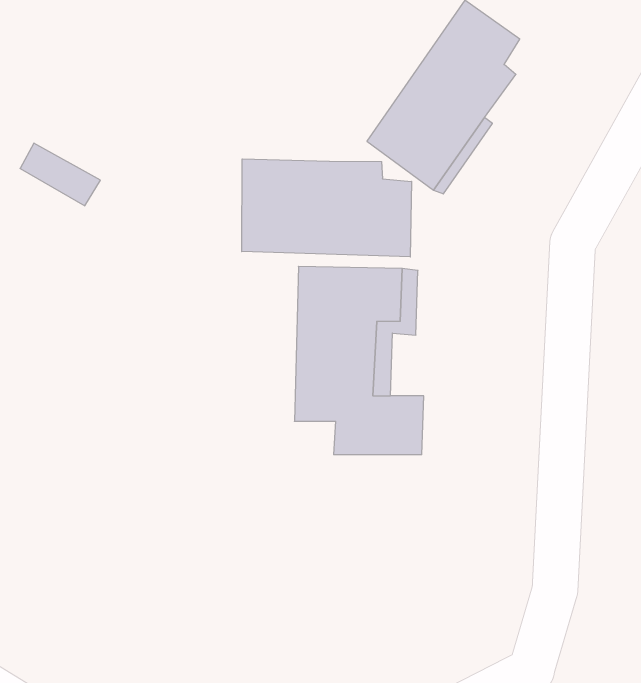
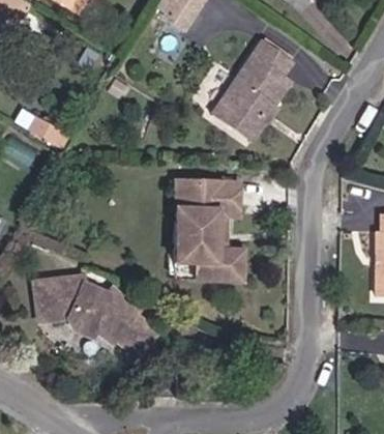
building: [242,159,412,257] -> none
building: none -> [33,276,156,356]

